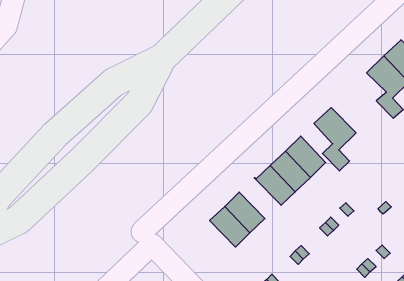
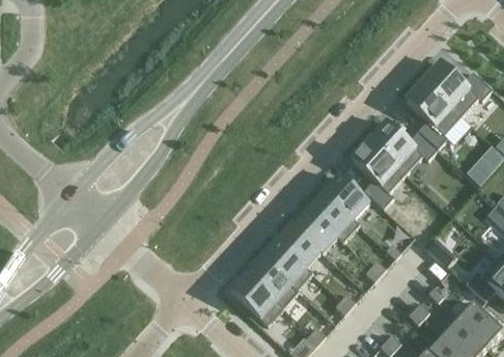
building: none -> [369,121,438,167]
building: none -> [275,223,321,267]
building: none -> [229,273,275,318]

